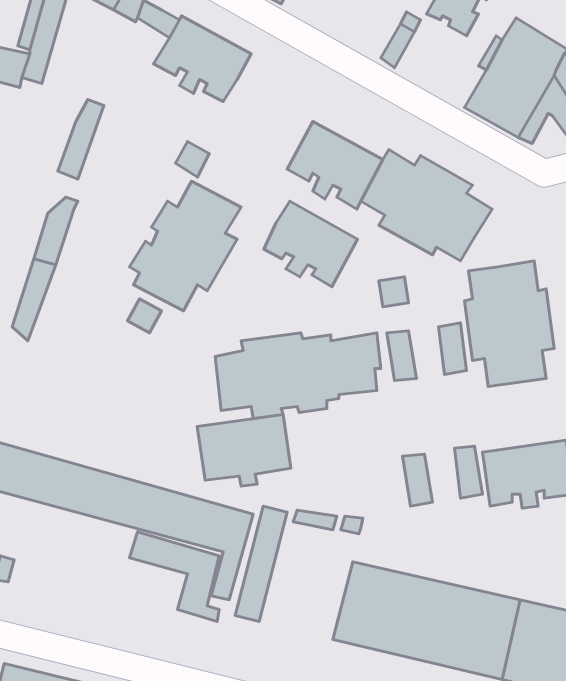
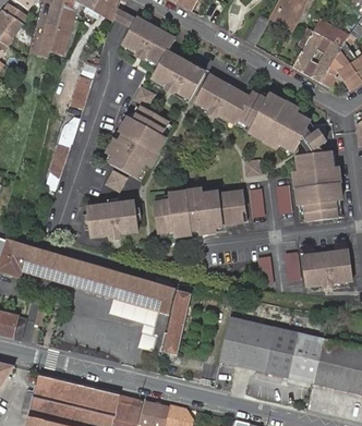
building: [264,201,358,287] -> [153,52,204,99]
building: none -> [297,123,329,155]
building: [197,414,291,486] -> [87,202,138,241]

